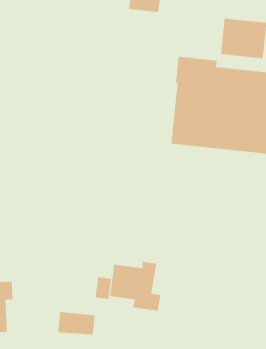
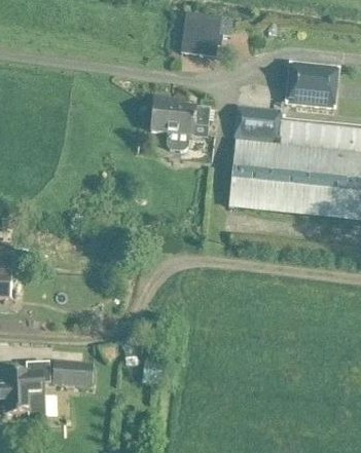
building: none -> [150,97,209,151]
building: [110,261,161,311] -> none
building: [57,312,95,335] -> [49,360,93,386]

